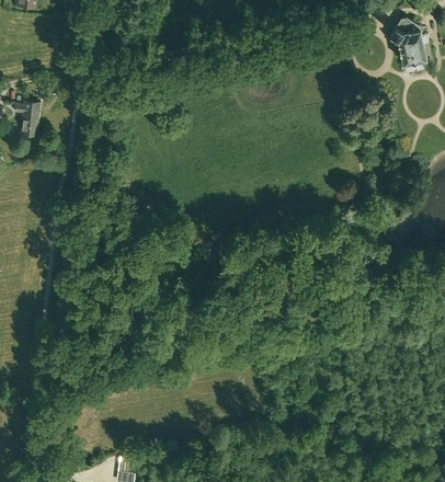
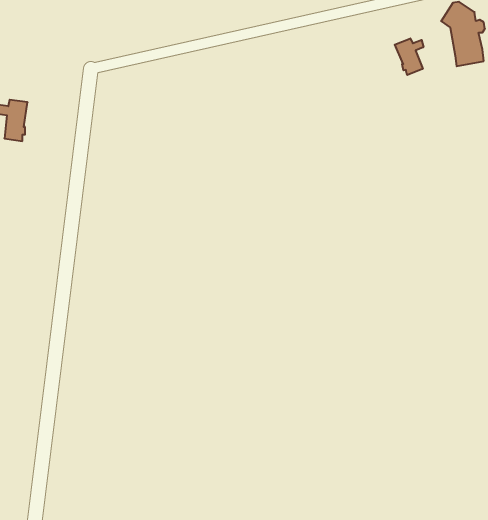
building: none -> [395,38,423,75]

